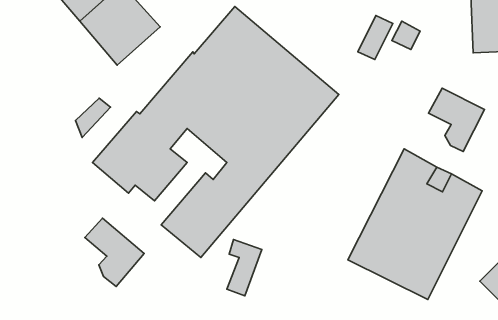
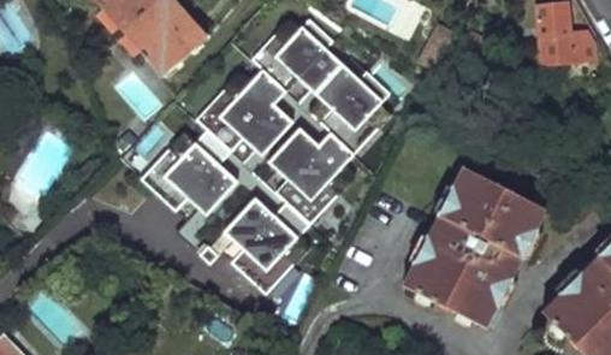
building: [429,88,485,151] -> none
building: [85,218,144,287] -> none

